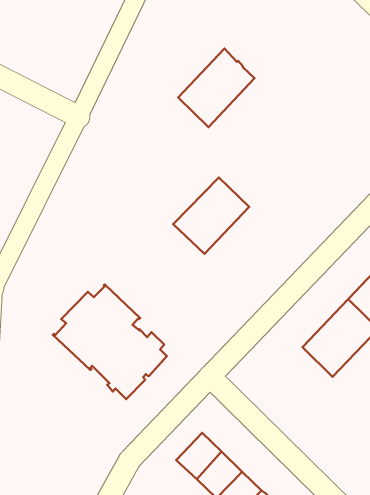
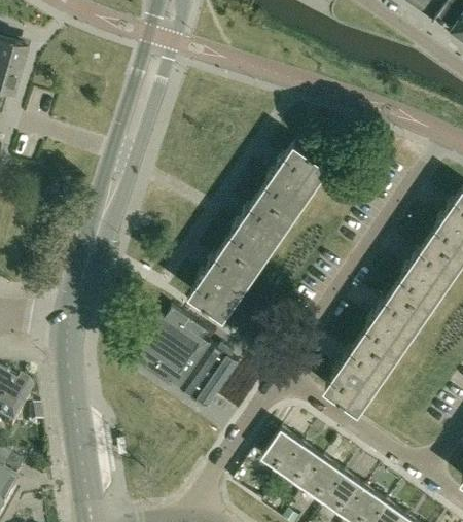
building: [178,48,255,127] -> [260,145,327,219]
building: none -> [190,246,258,319]
building: none -> [326,340,393,413]

